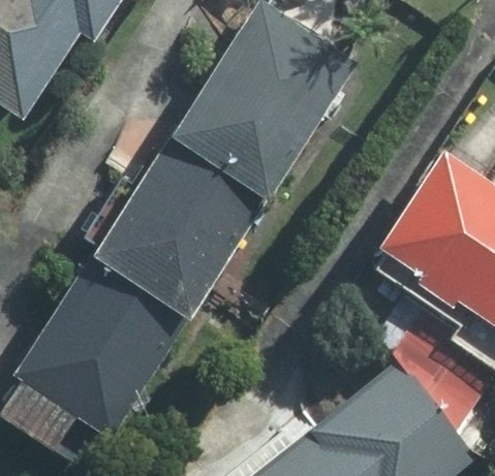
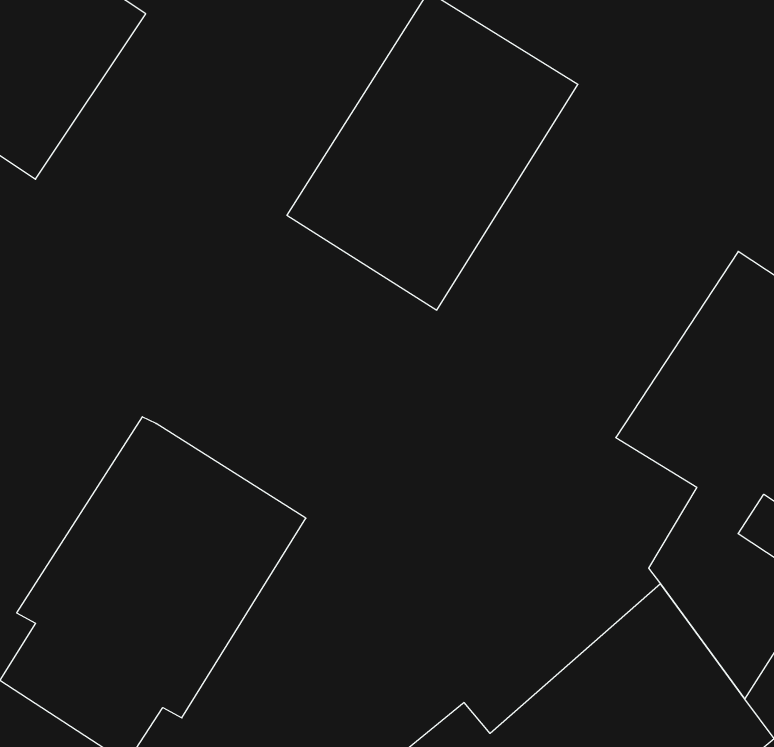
building: [98,136,267,318] -> none

